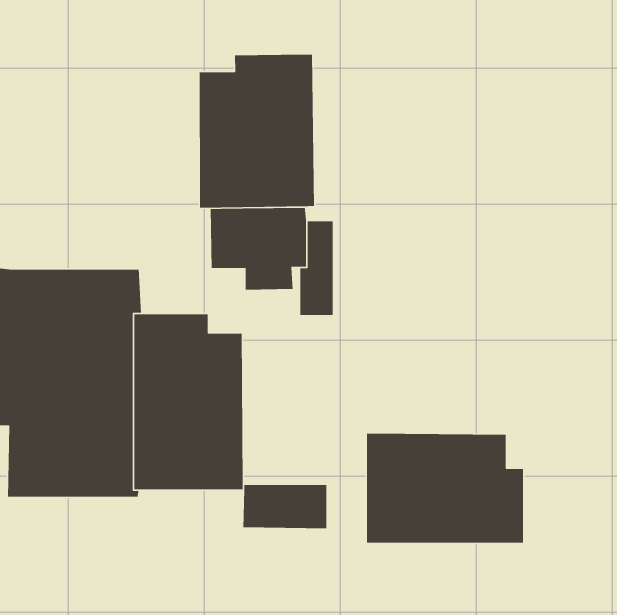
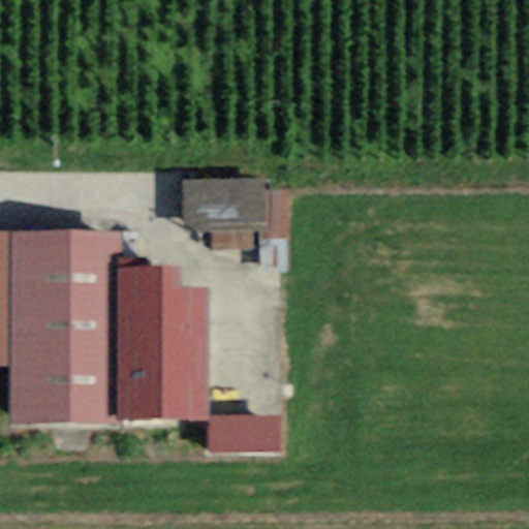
building: [199,54,315,208] -> none
building: [366,433,524,543] -> none

